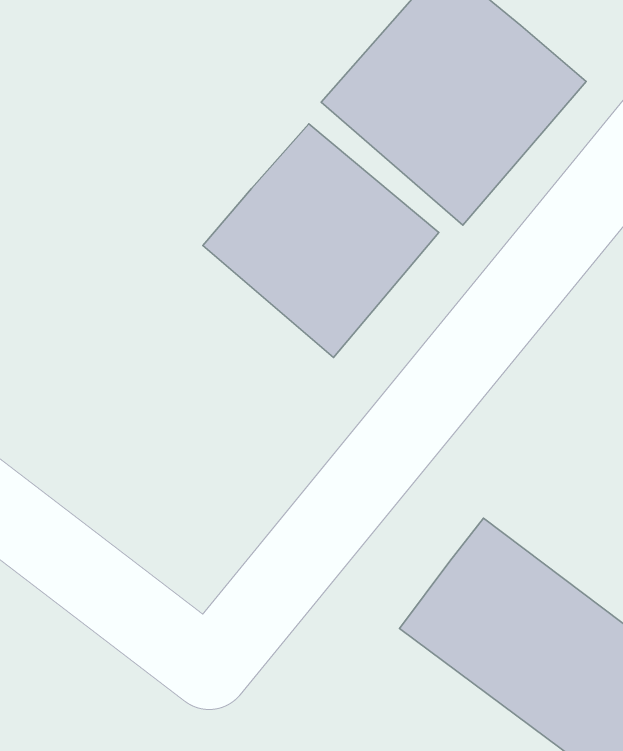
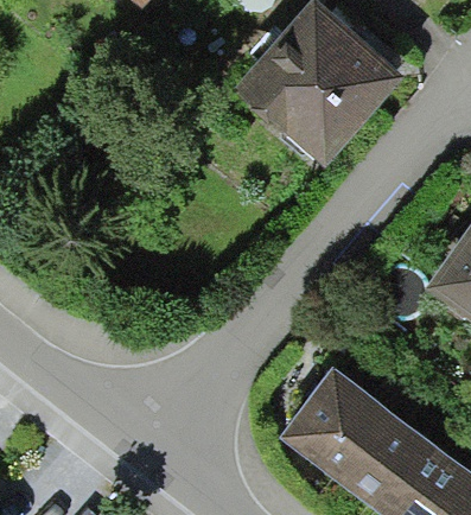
building: [203,124,439,357] -> none

